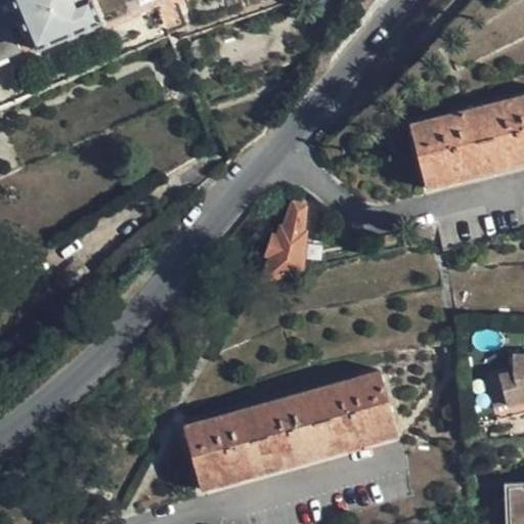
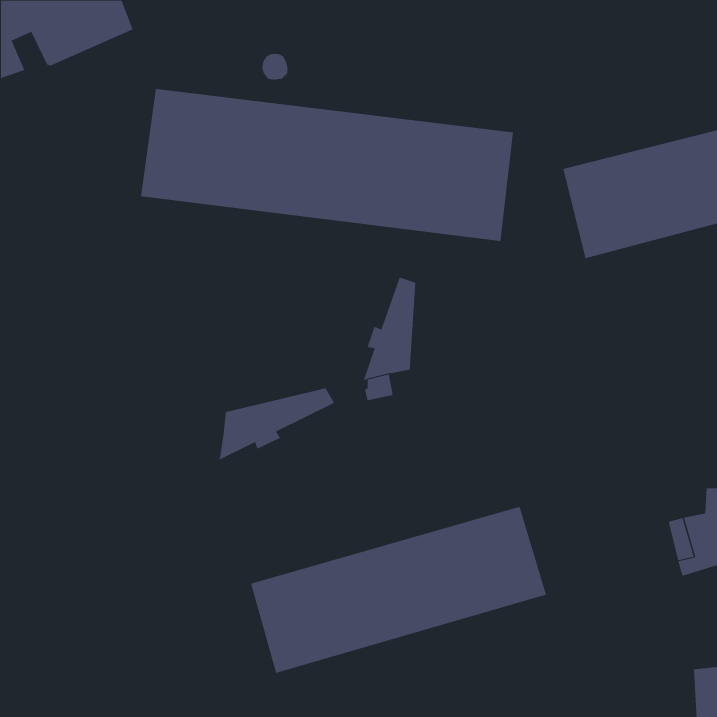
building: none -> [141,88,514,242]
building: none -> [219,388,335,461]

